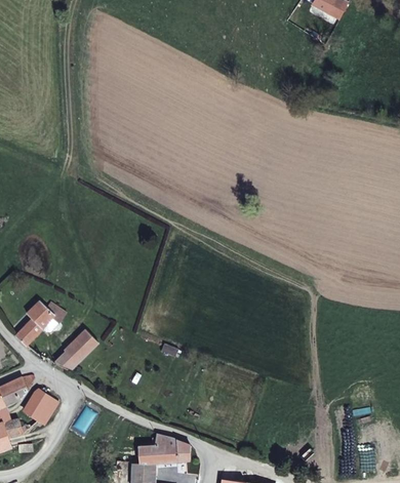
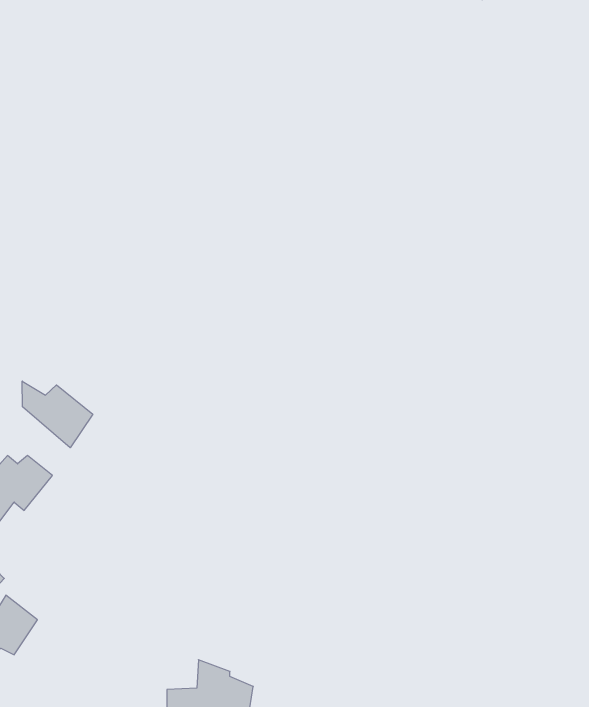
building: none -> [22,381,93,448]
building: [55,337,90,373] -> none

